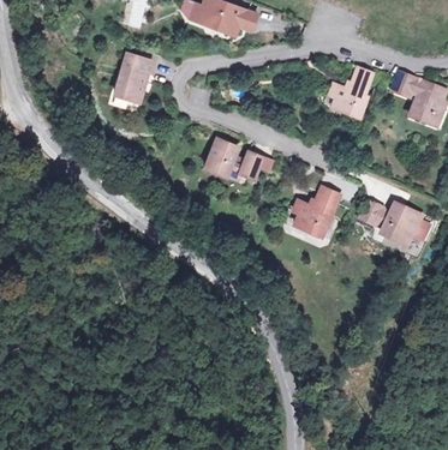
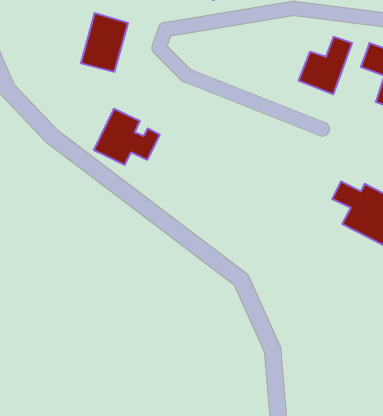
building: [202,128,265,182] -> [94,109,160,165]
building: [289,184,340,241] -> none

